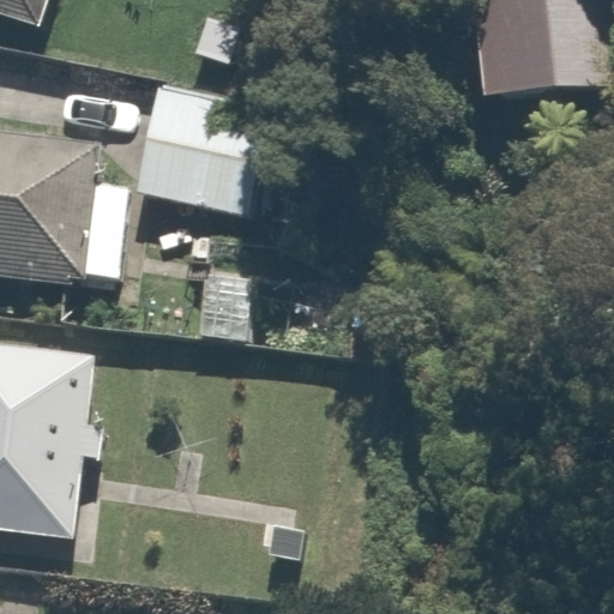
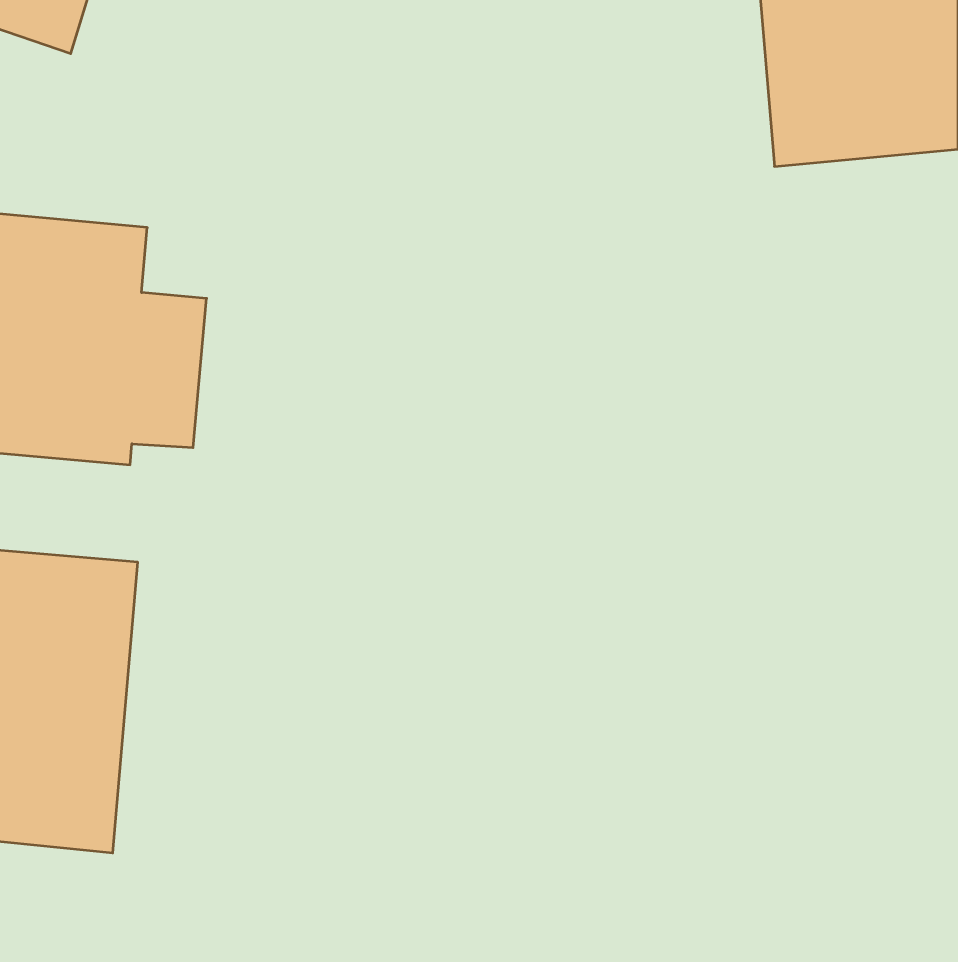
building: [142,85,261,203] -> none

